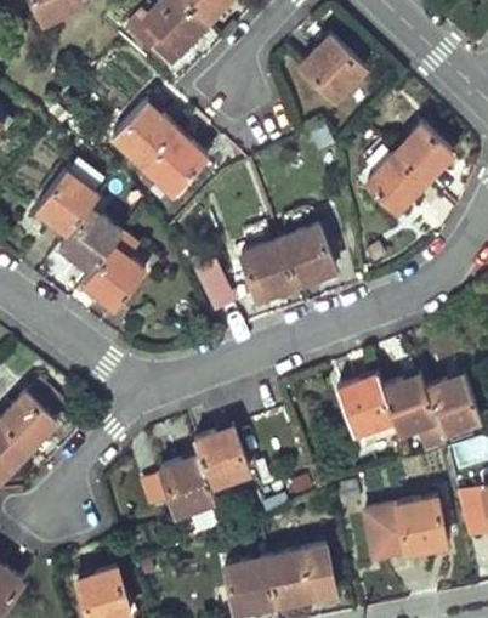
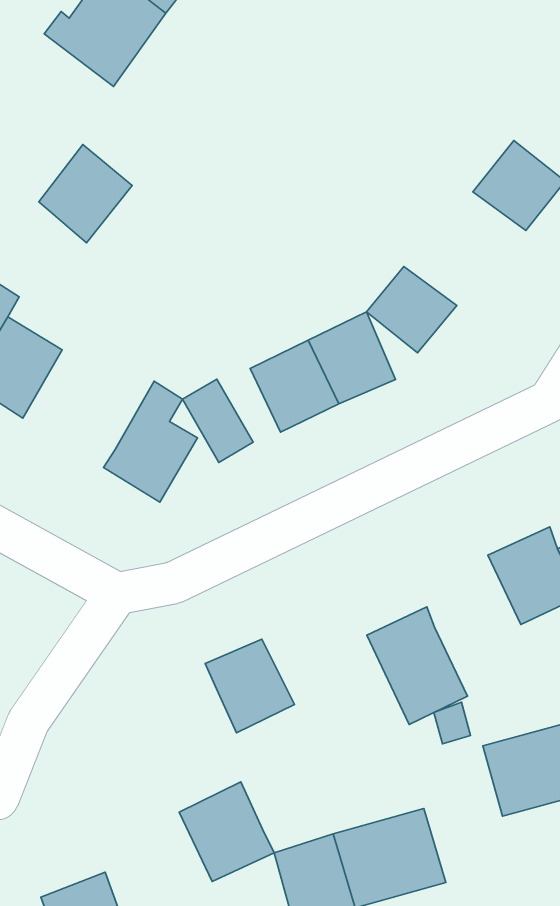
building: [301,36,364,100] -> none
building: [138,131,206,202] -> none
building: [367,155,425,211] -> [366,267,457,353]
building: [84,232,146,310] -> [103,381,198,502]
building: [337,375,398,449] -> [367,607,467,724]
building: [158,455,216,517] -> [179,782,274,881]

